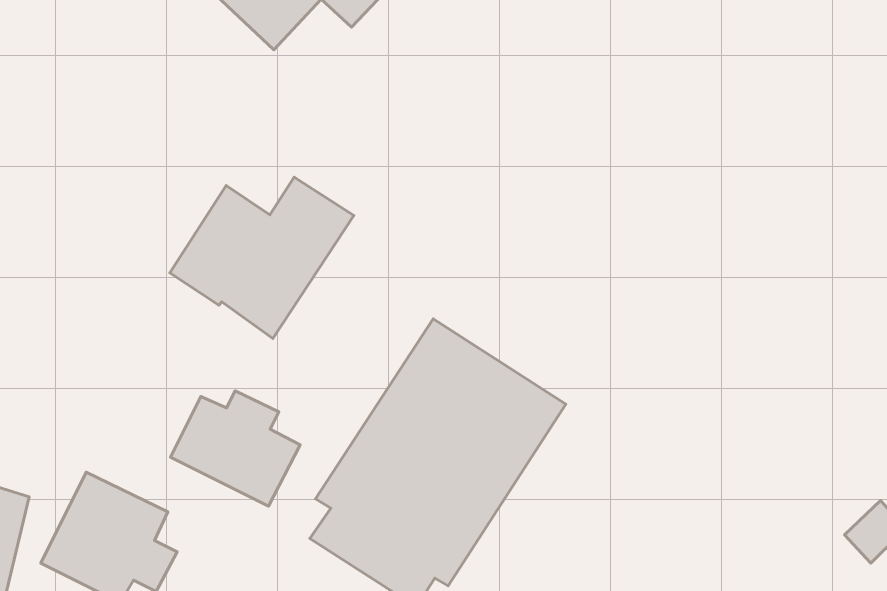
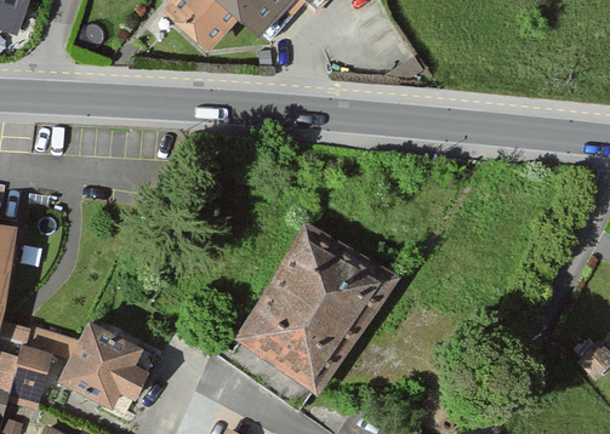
building: [170,177,354,339] -> none
building: [170,391,300,506] -> none

